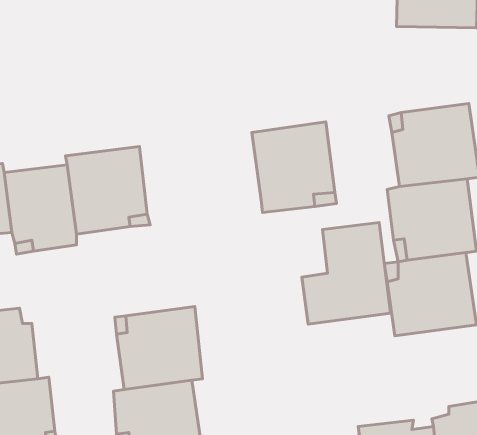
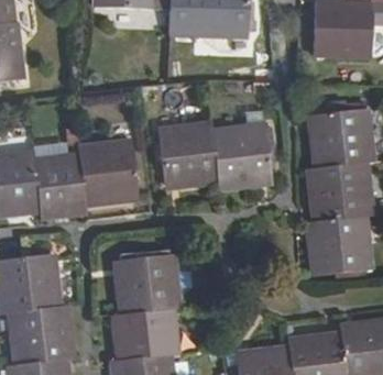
building: none -> [157,122,217,184]
building: [302,223,390,324] -> none

